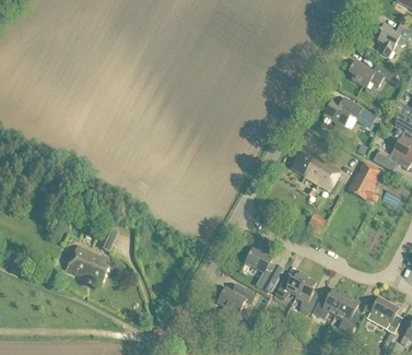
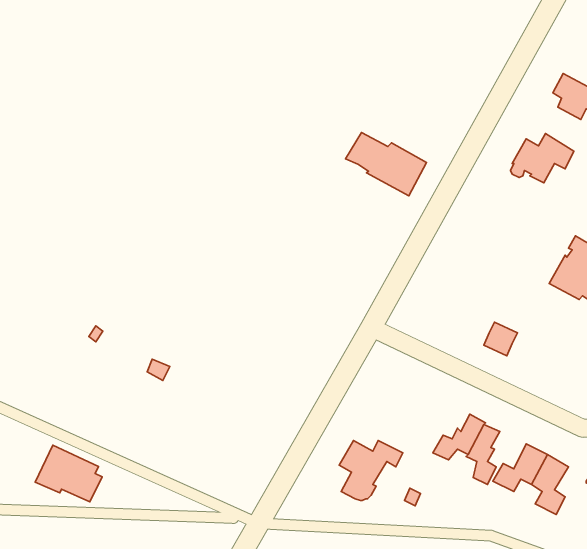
building: [291,151,341,190] -> [345,132,427,196]
building: [67,246,108,281] -> [35,445,102,502]
building: [245,246,283,293] -> none

